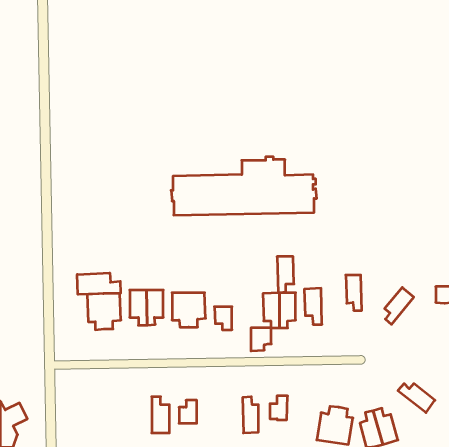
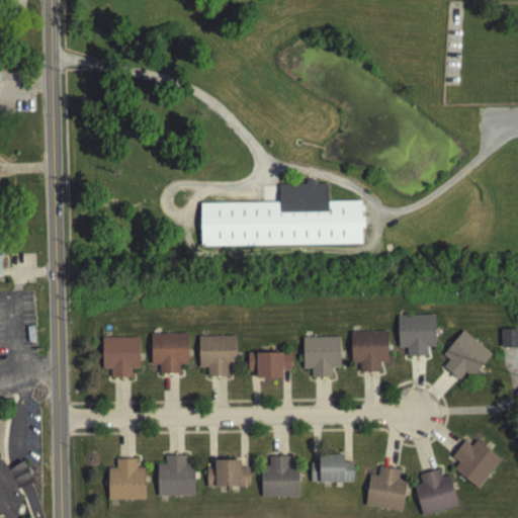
building: [277,257,294,293] -> [370,331,390,372]
building: [77,273,121,294] -> none
building: none -> [416,315,436,356]
building: none -> [451,341,492,379]
building: [251,328,271,351] -> [268,352,291,378]
building: none -> [451,448,491,488]
building: none -> [331,454,353,482]
building: none -> [158,455,176,497]
building: none -> [261,456,281,497]
building: none -> [108,458,146,499]
building: none -> [228,459,249,486]

